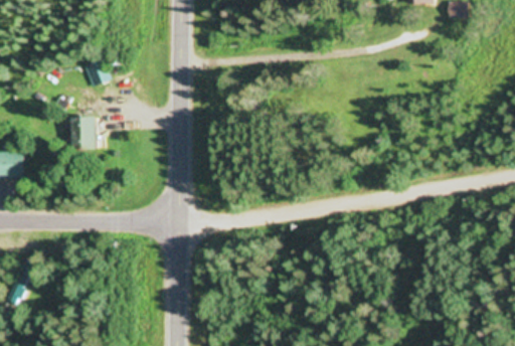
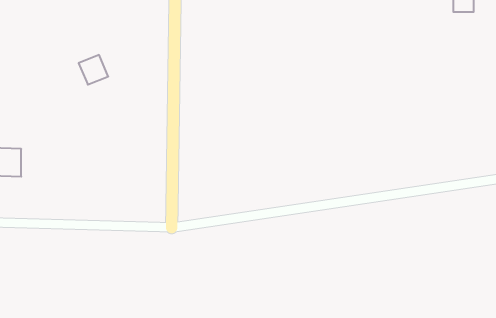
building: [73,118,96,149] -> none

